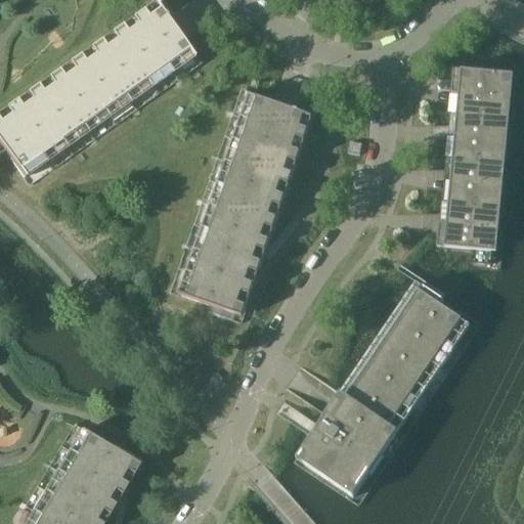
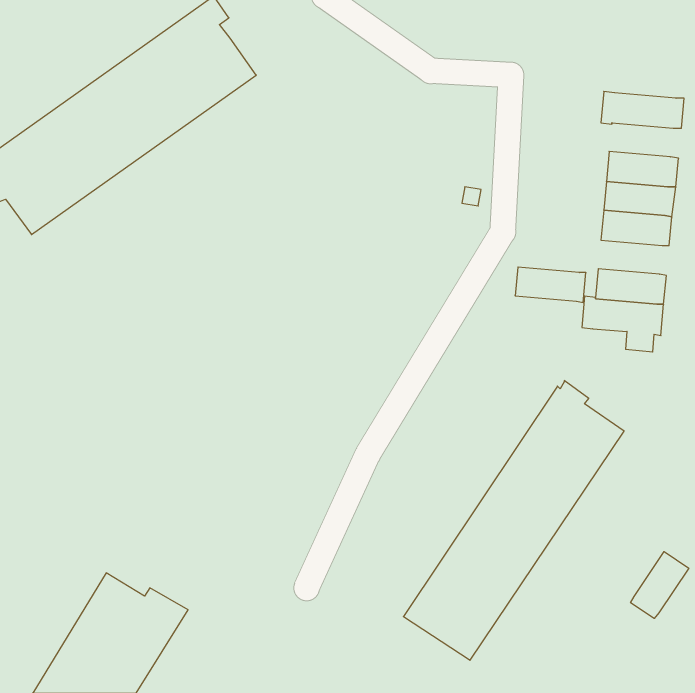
building: [457,92,512,119] -> none
building: [178,94,314,322] -> none
building: [449,180,503,207] -> [515,267,586,303]
building: none -> [631,552,689,618]

